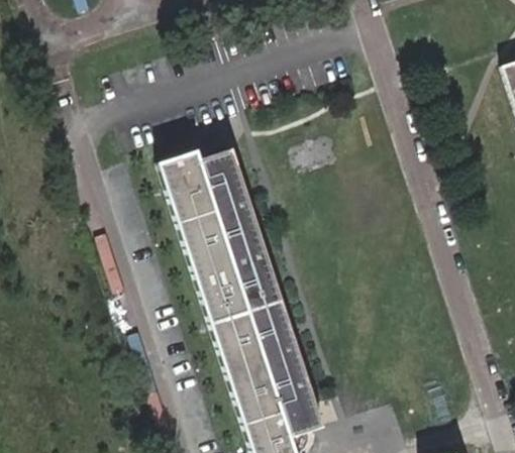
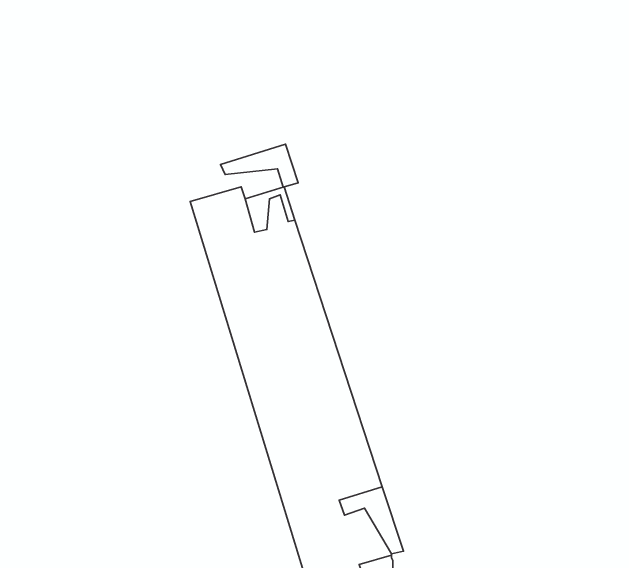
building: none -> [220,144,298,187]

